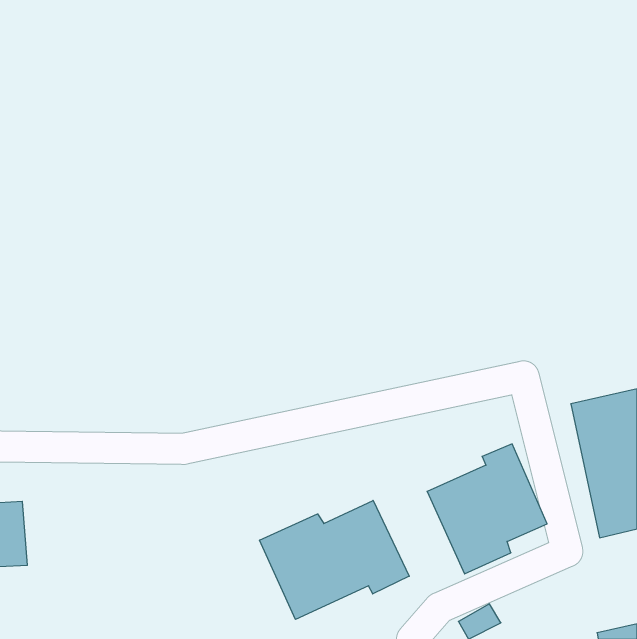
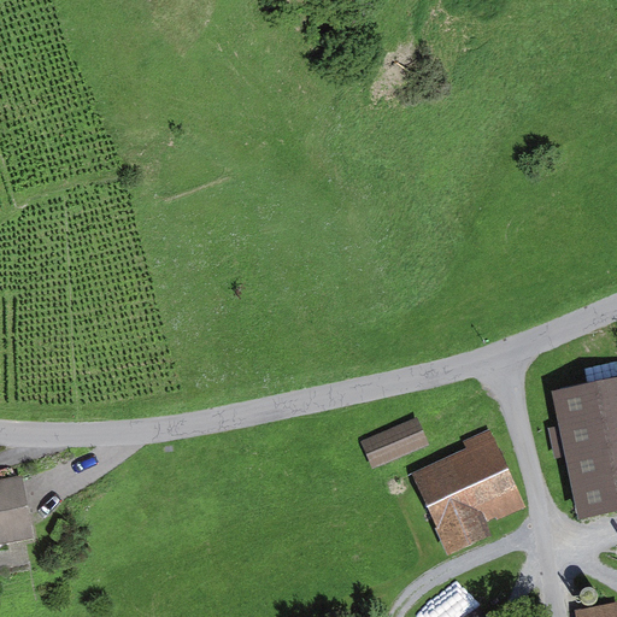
building: none -> [363,416,430,468]
building: [260,500,409,619] -> none

